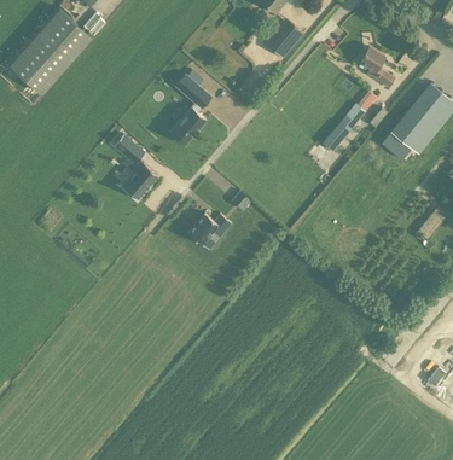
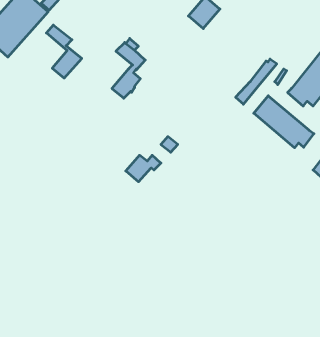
building: [360,46,395,86] -> none
building: [114,134,157,199] -> [46,25,82,78]
building: none -> [254,96,314,148]

